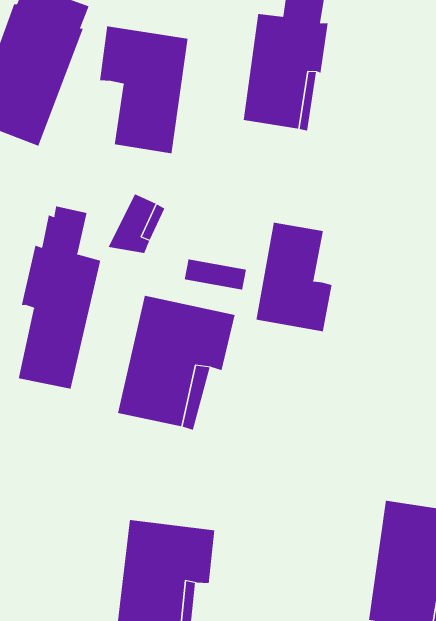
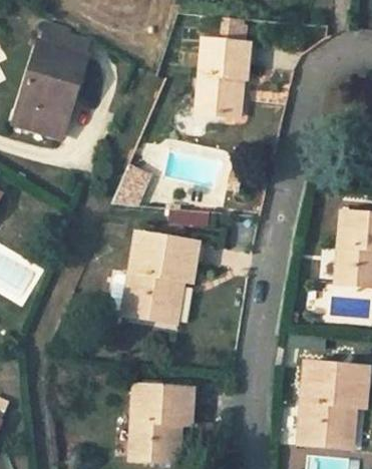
building: [100,26,188,154] -> none
building: [18,205,101,389] -> none
building: [256,222,332,332] -> none

